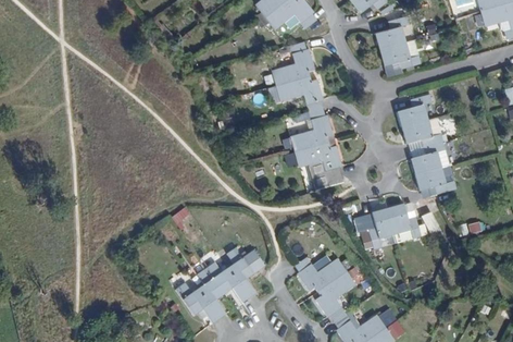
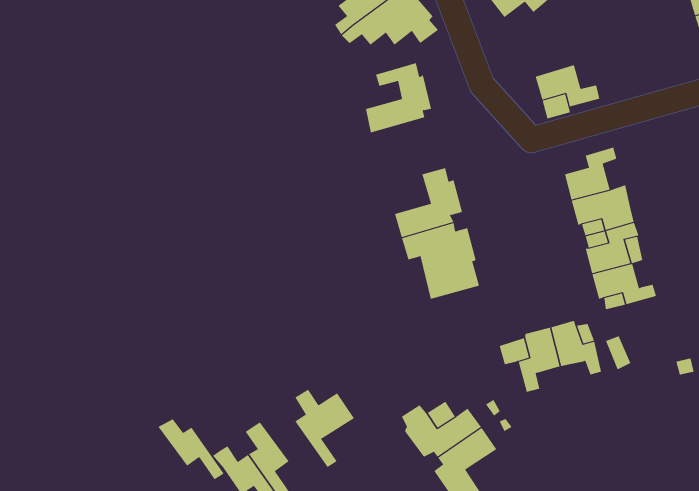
building: [375,15,410,49] -> none
building: [275,75,323,111] -> none
building: [205,262,248,302] -> [158,418,225,480]

